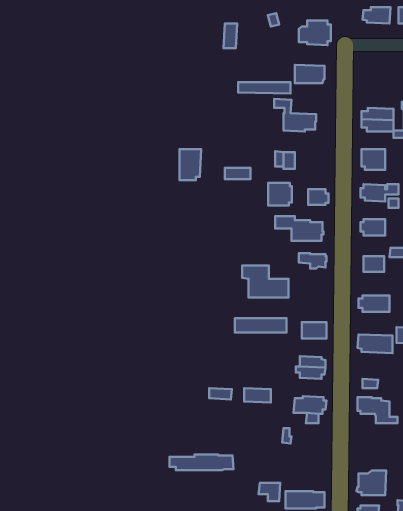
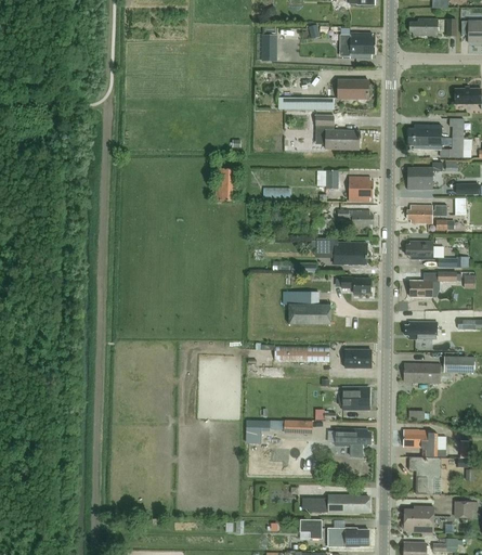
building: [268,183,292,206] -> [348,177,373,201]
building: none -> [408,456,441,494]
building: [170,455,233,470] -> [302,495,369,512]

